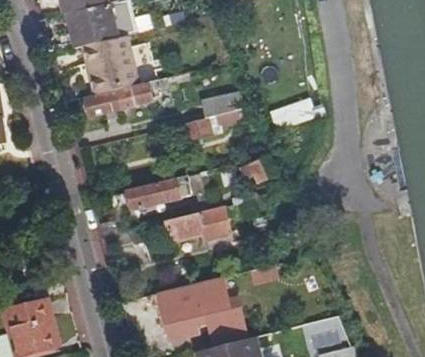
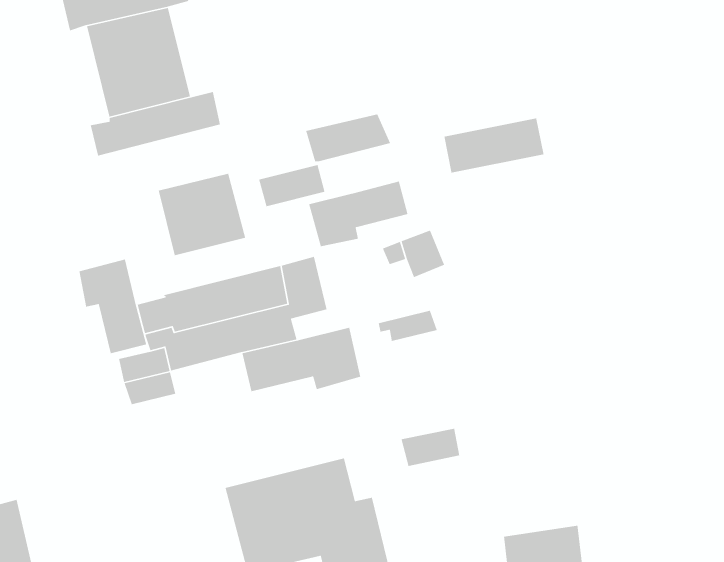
building: none -> [158,173,246,256]
building: none -> [308,180,408,247]
building: none -> [78,258,147,354]

